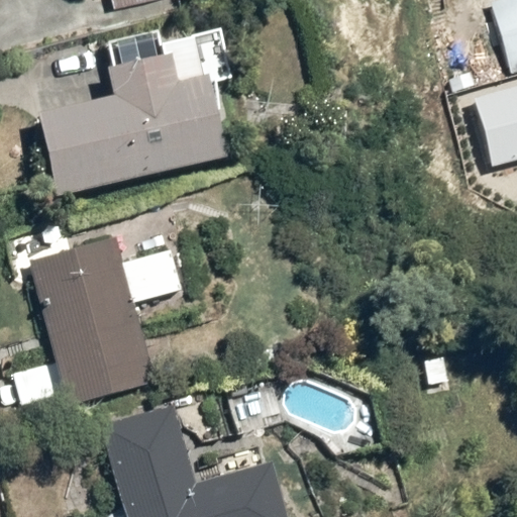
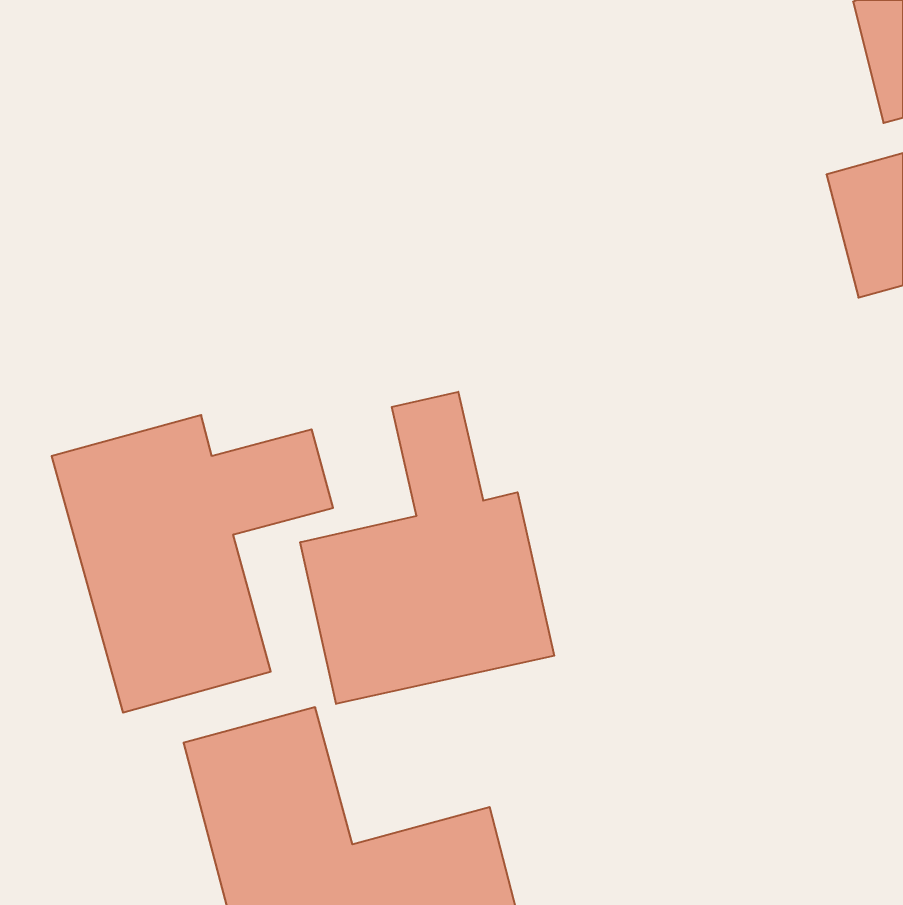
building: [40,27,228,193] -> none
building: none -> [300,392,554,704]

